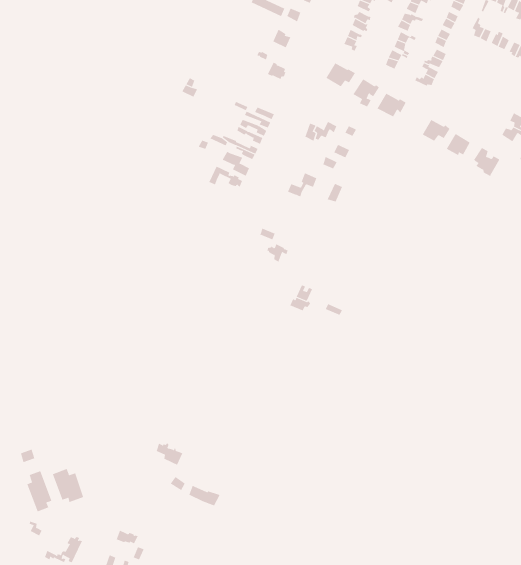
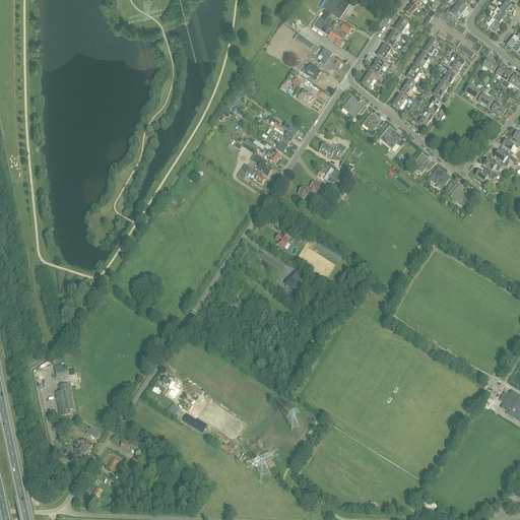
building: [52,468,84,503] -> none

